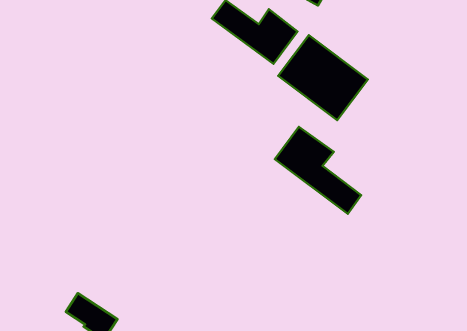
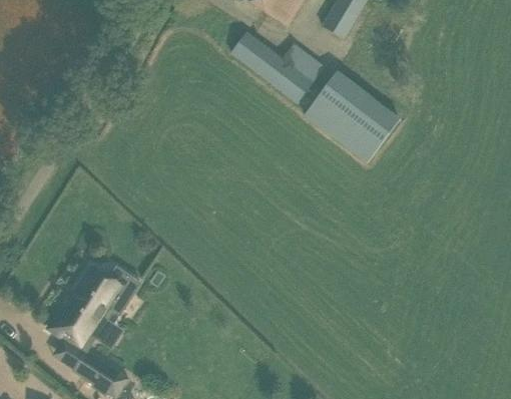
building: [275,127,361,214] -> none
building: none -> [48,266,140,349]

